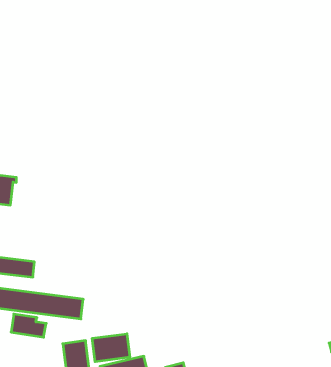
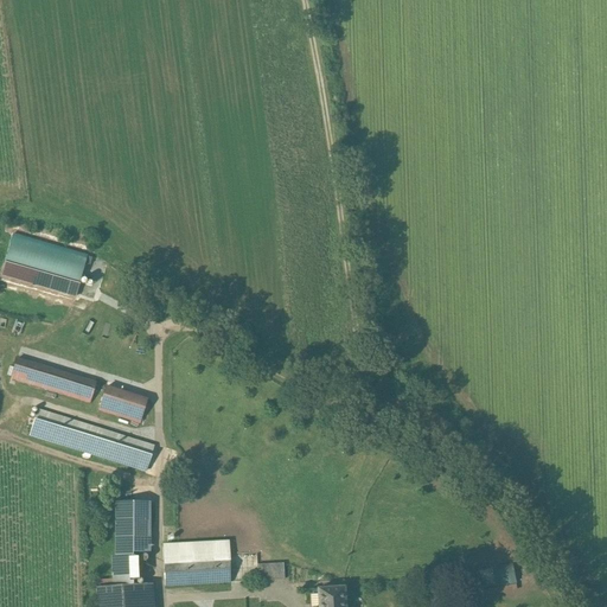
building: [11,314,46,337] -> [100,383,152,423]
building: [92,334,130,362] -> none

